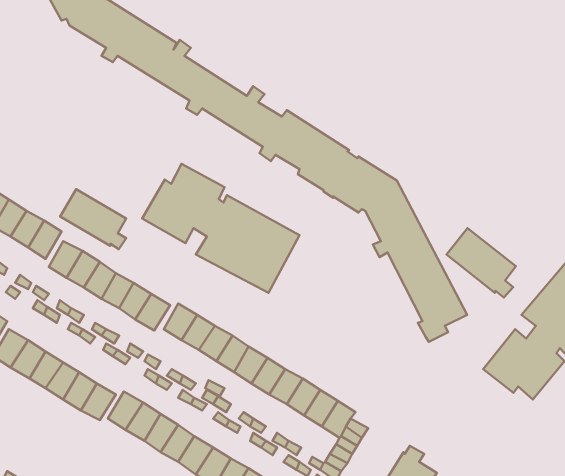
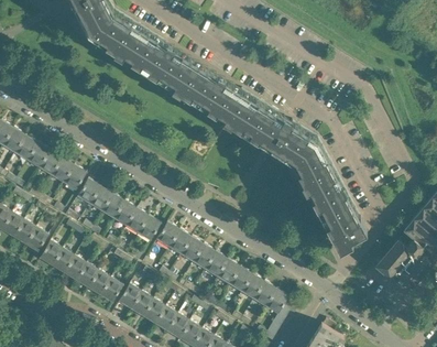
building: [142,164,300,293] -> none
building: [60,189,126,249] -> none
building: [447,228,516,297] -> none

